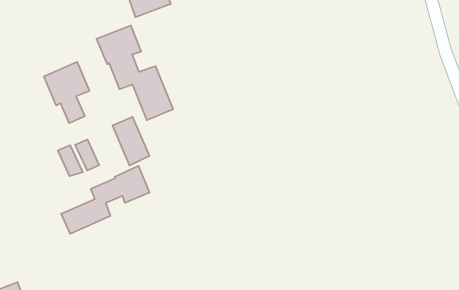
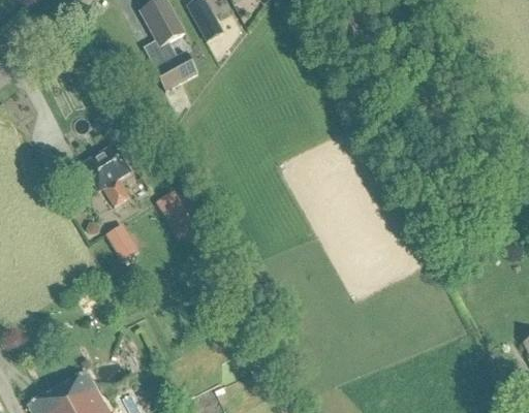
building: [96,25,173,120] -> none
building: [61,166,149,234] -> none

